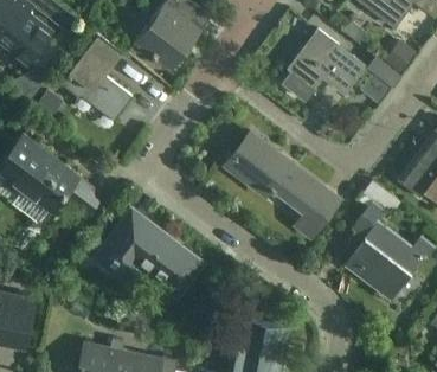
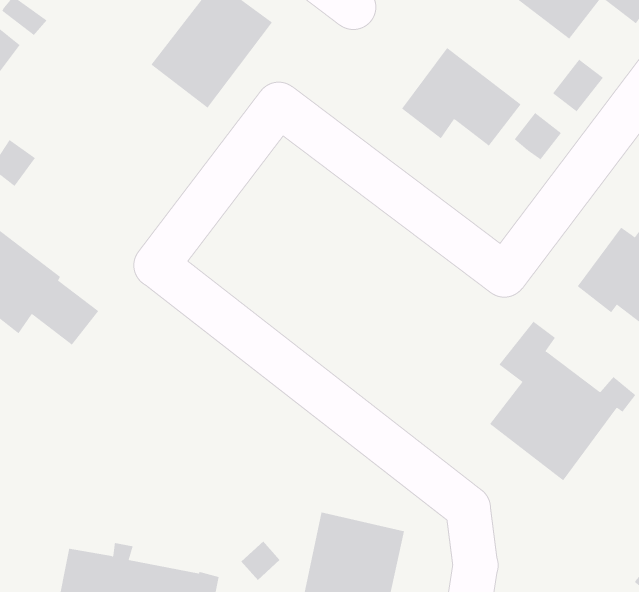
building: [58,33,131,121] -> none
building: [227,133,339,236] -> none
building: [96,210,203,295] -> none

